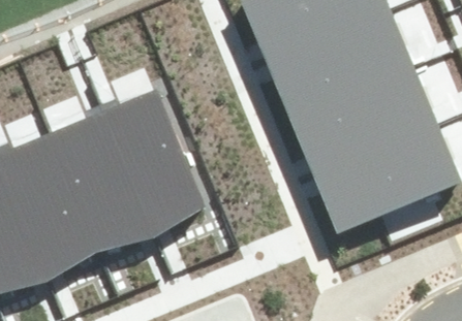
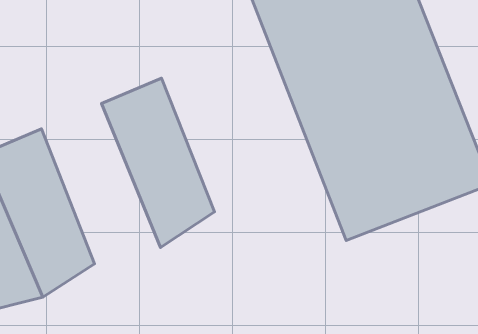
building: [55,104,161,248] -> none

